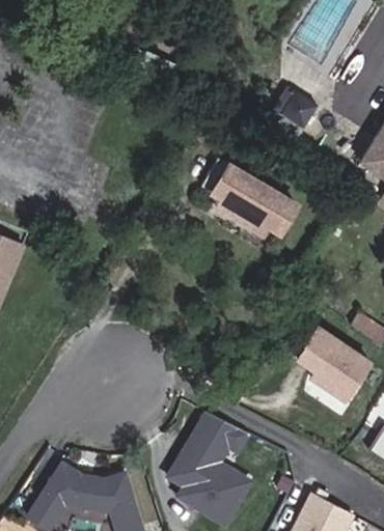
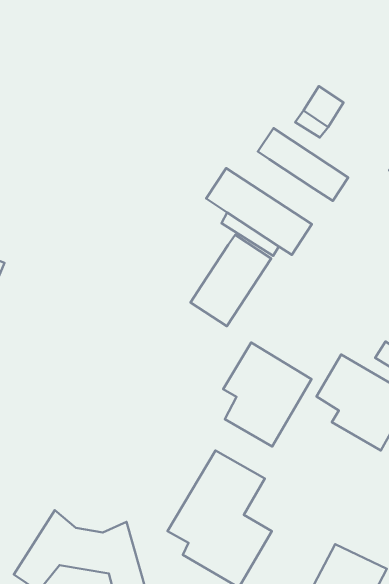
building: none -> [258,128,348,201]
building: none -> [191,235,271,326]
building: none -> [223,342,312,447]

